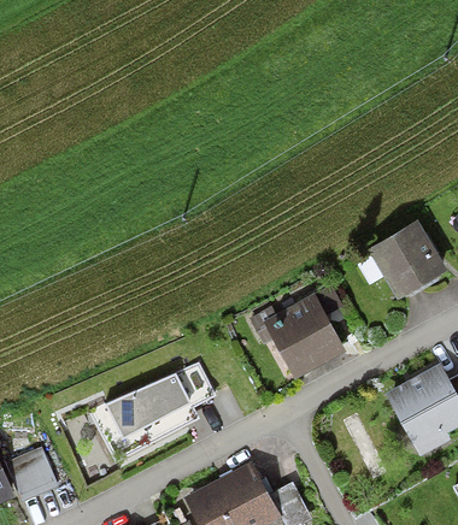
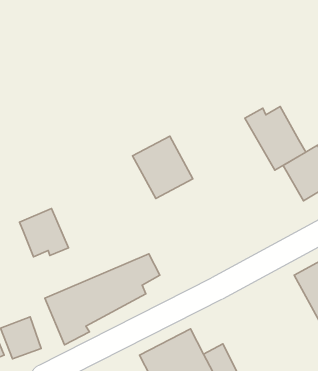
building: none -> [245,107,306,170]
building: [265,296,343,377] -> [133,136,193,198]
building: none -> [19,208,68,257]

